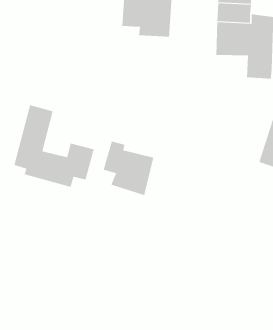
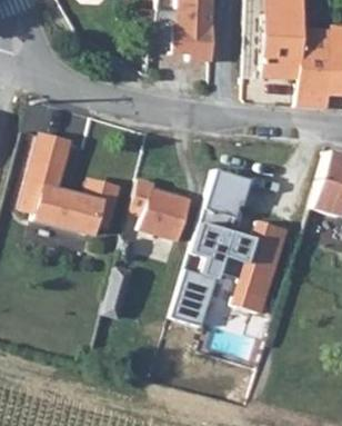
building: none -> [167,170,283,330]

